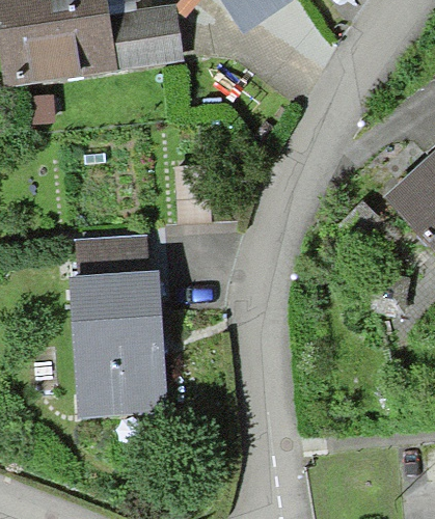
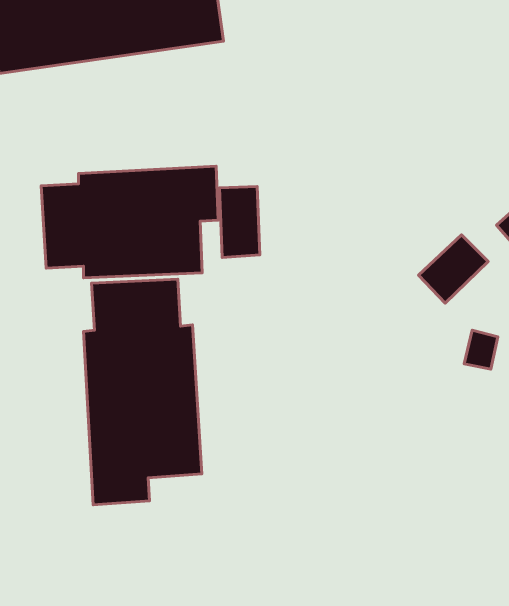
building: none -> [41,166,218,278]

